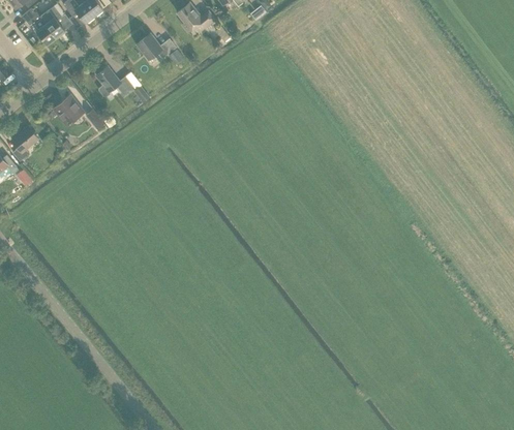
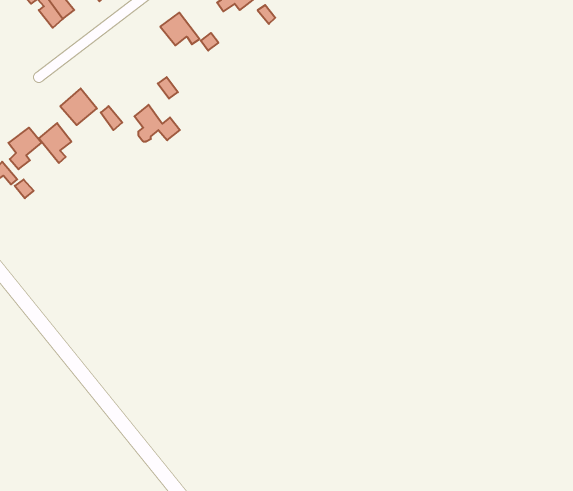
building: [95,65,132,95] -> [134,105,180,141]
building: none -> [39,123,71,163]

